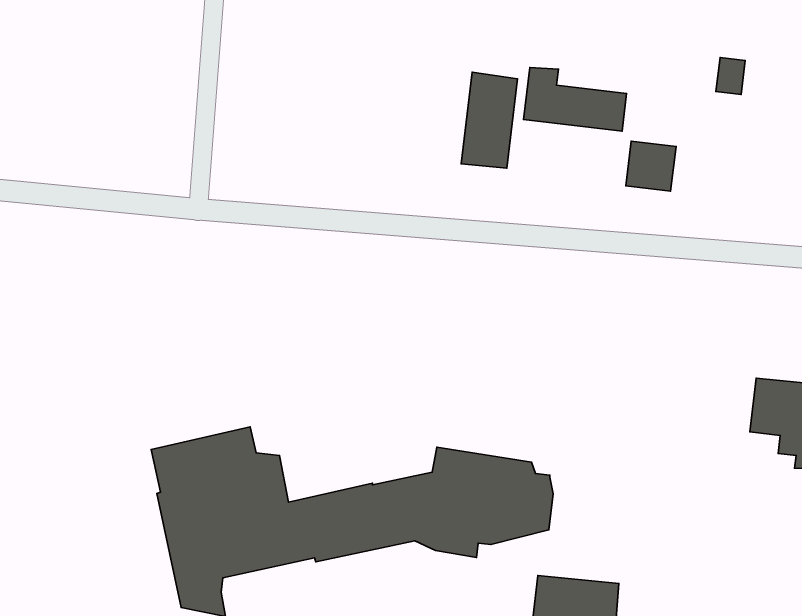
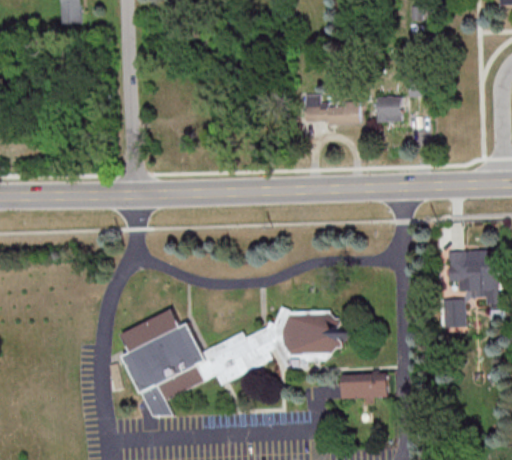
building: [461,72,518,168] -> none
building: [626,141,676,191] -> [377,96,402,121]
building: none -> [444,300,465,328]

